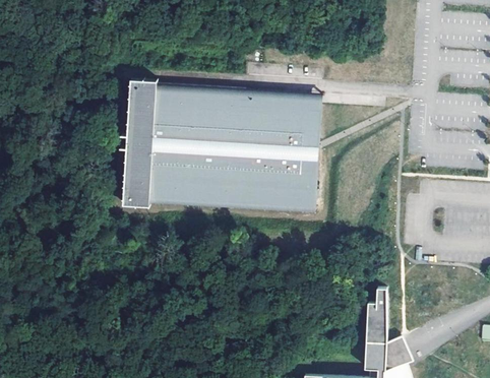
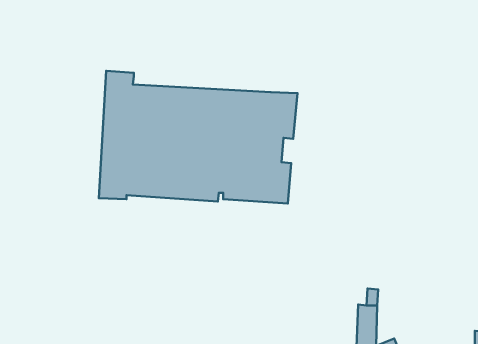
building: [147,84,321,212] -> none

